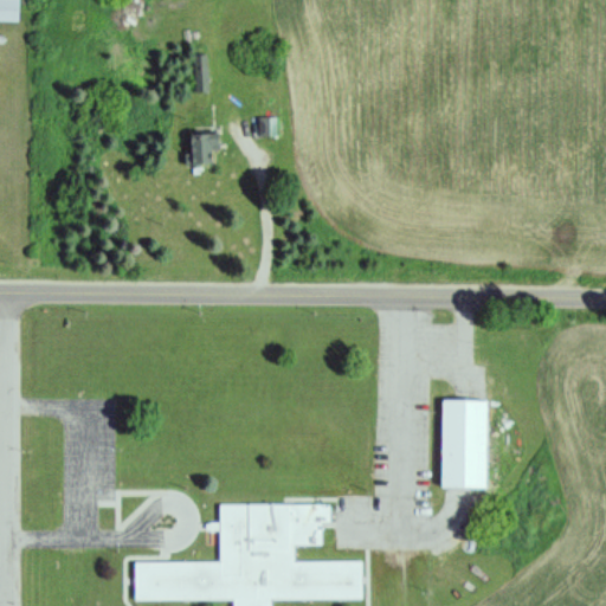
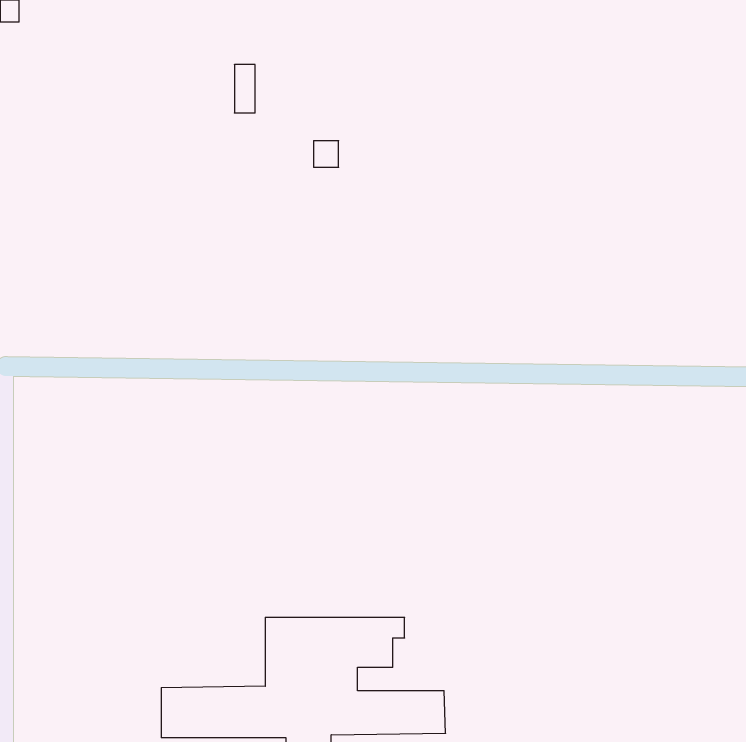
building: [179,133,220,169] -> none
building: [441,400,489,486] -> none

